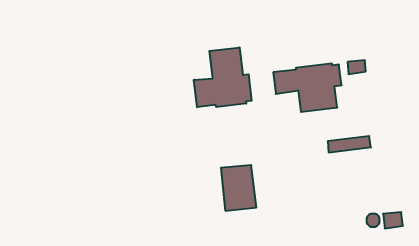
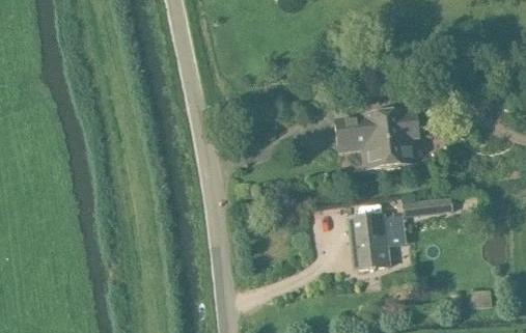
building: [194,47,252,107] -> none
building: [221,165,256,211] -> [350,214,392,269]

